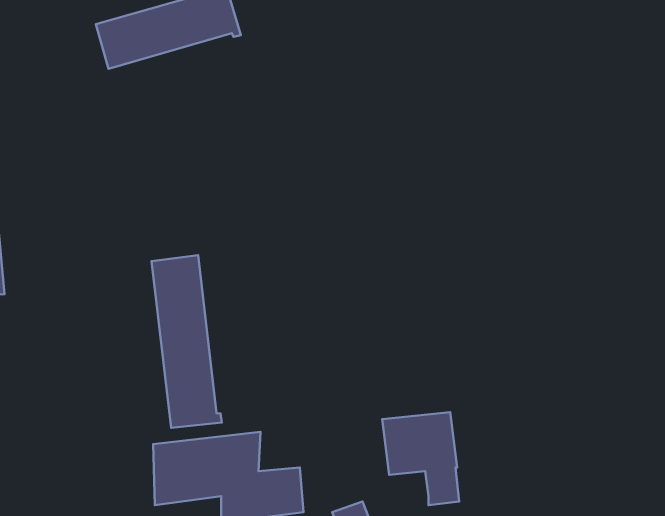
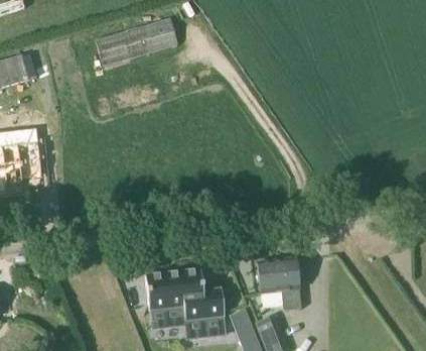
building: [152,255,222,428] -> none

